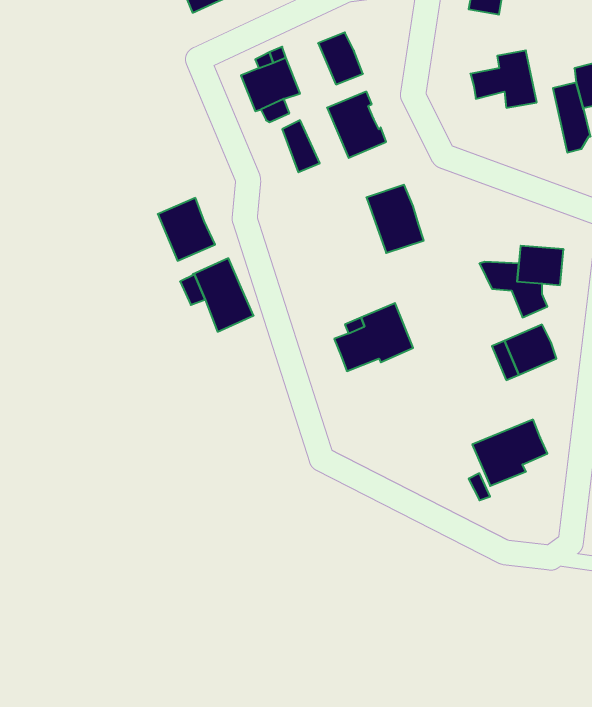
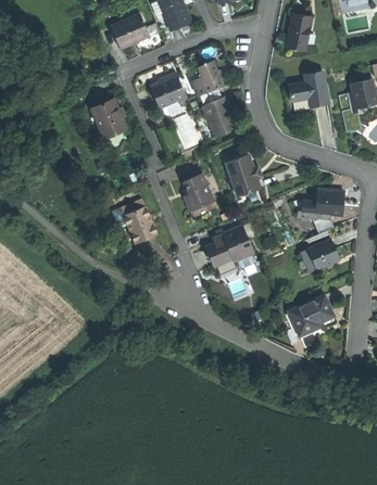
building: [158,198,215,261] -> [91,99,126,137]
building: none -> [185,174,214,210]

